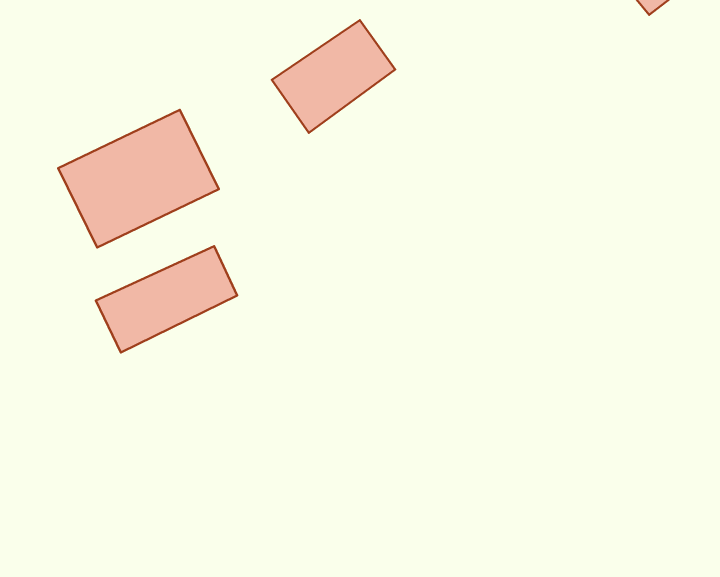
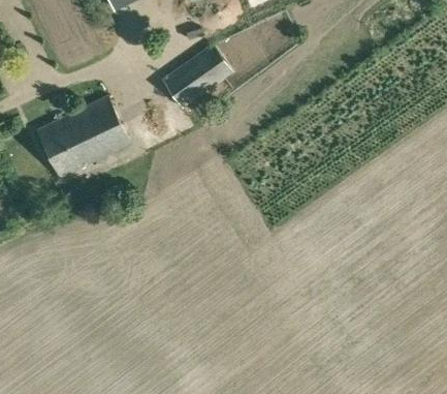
building: [96,246,237,352] -> none

